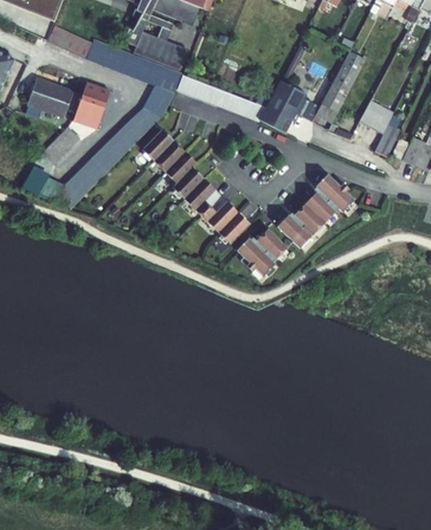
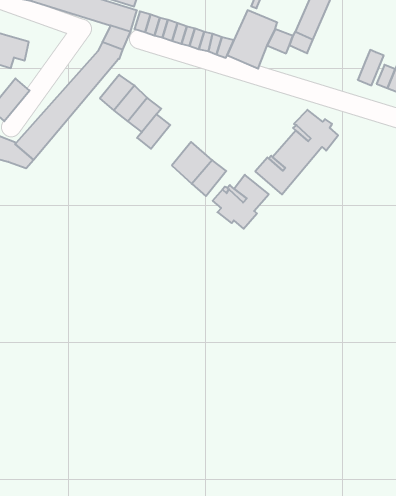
building: [71,83,110,134] -> none
building: [359,99,394,134] -> none
building: [185,179,221,215] -> none

